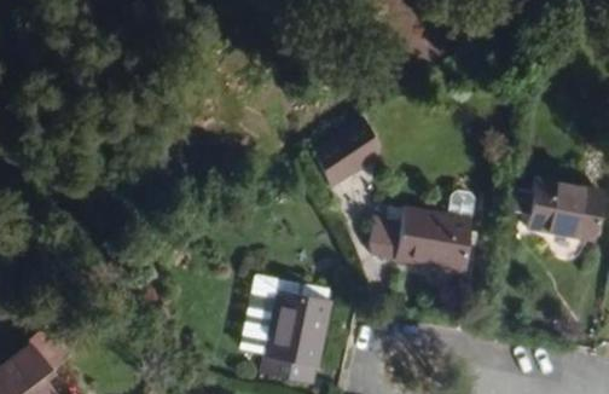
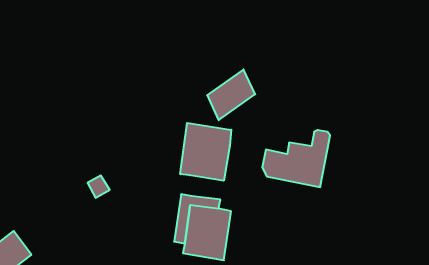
building: [515,182,590,243] -> none
building: none -> [180,123,231,181]

